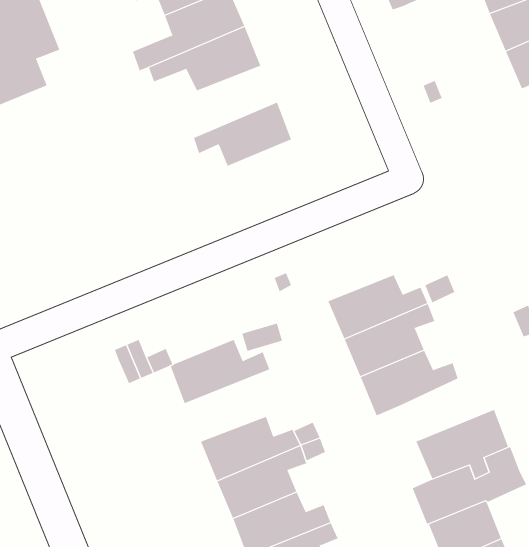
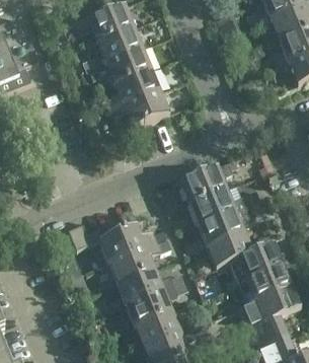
building: none -> [108,69,161,110]
building: none -> [181,160,233,202]
building: none -> [231,232,284,281]
building: none -> [108,240,161,281]

